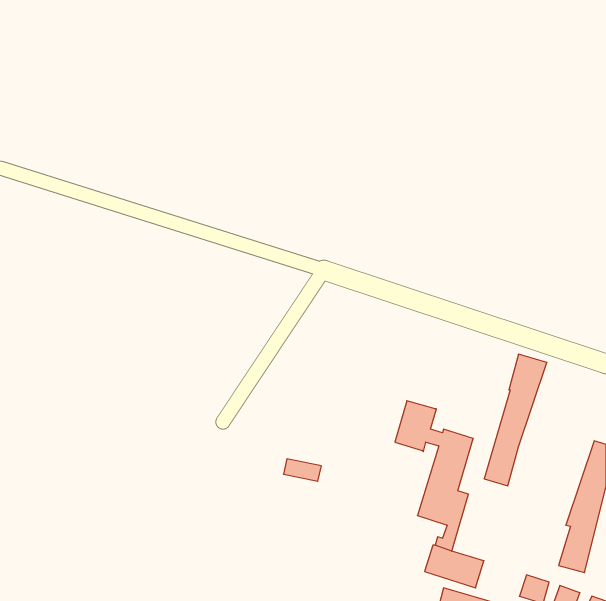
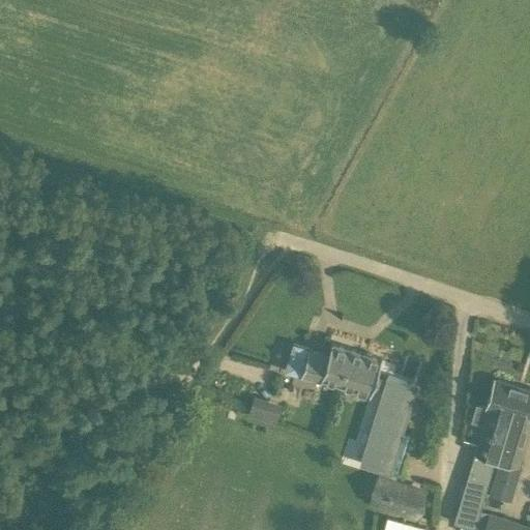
building: [484,354,547,486] -> [464,382,519,497]
building: none -> [285,346,355,390]

